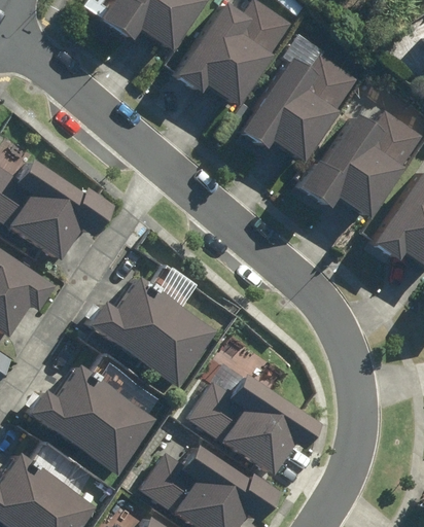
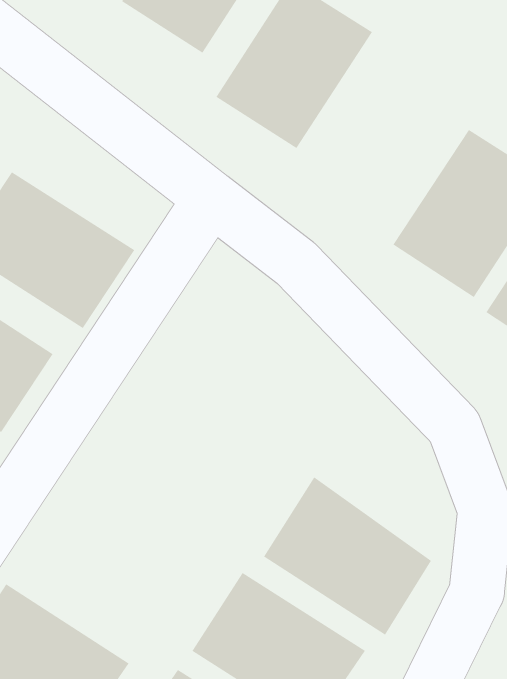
building: [227,57,343,180] -> none
building: [98,270,225,385] -> none
building: [29,356,156,472] -> none

